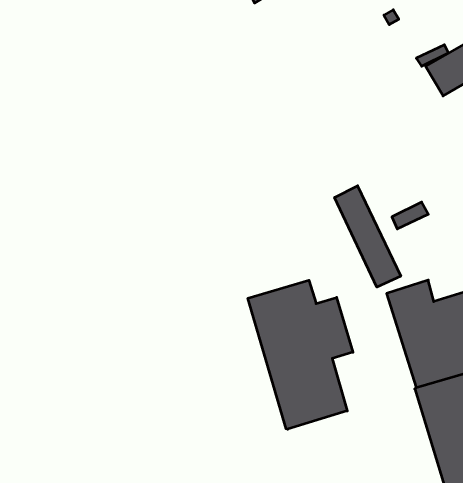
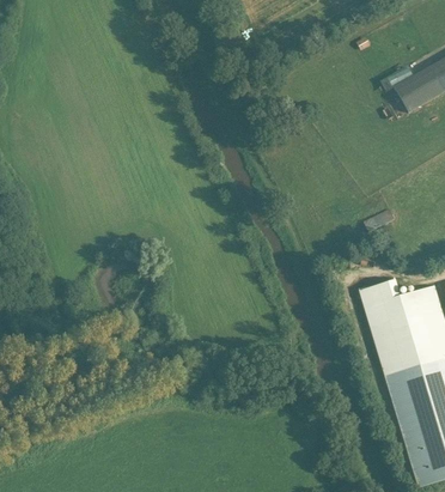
building: [335,186,401,287] -> none
building: [248,280,353,429] -> none

